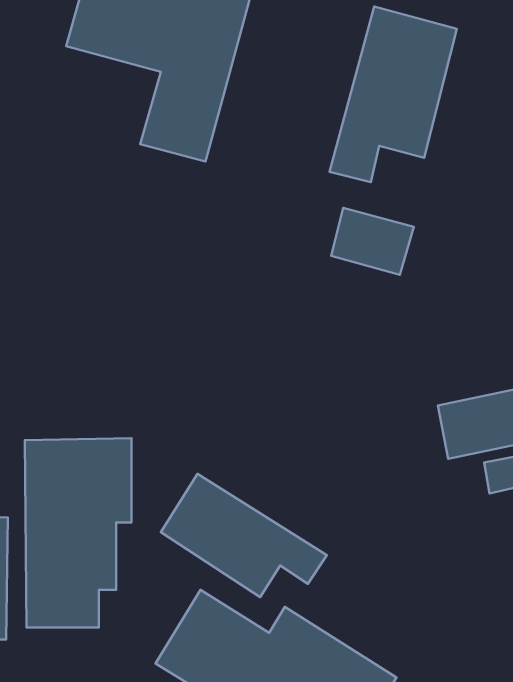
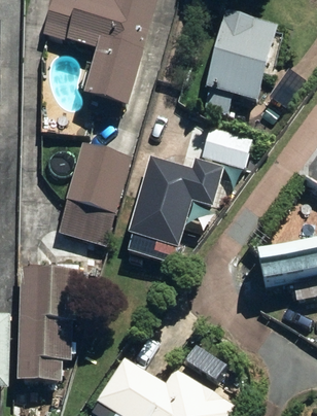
building: none -> [57,144,130,245]
building: none -> [129,160,223,246]
building: [161,474,327,597] -> none

